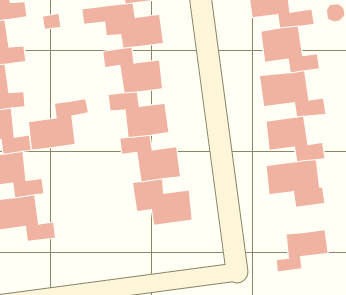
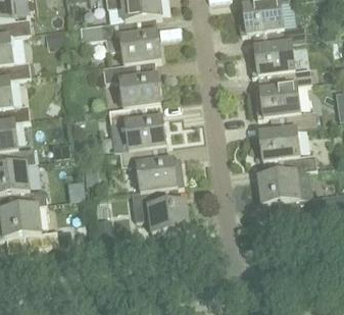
building: [28,99,89,150] -> none
building: [276,230,328,272] -> none

